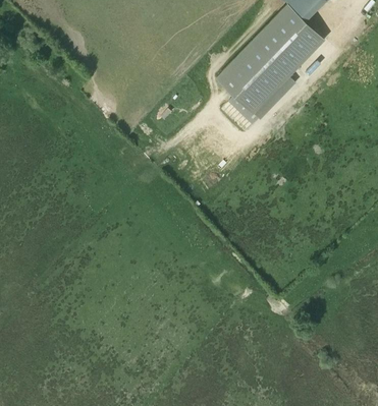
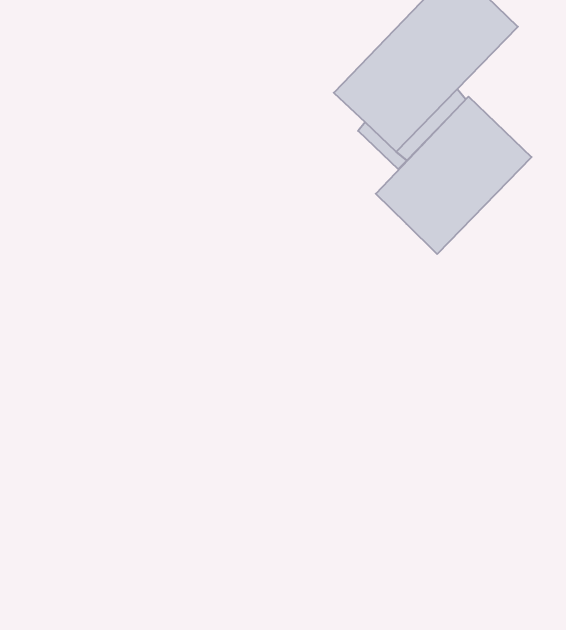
building: none -> [376,97,532,254]

